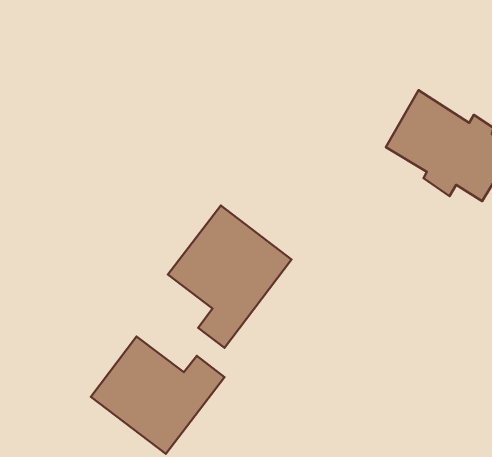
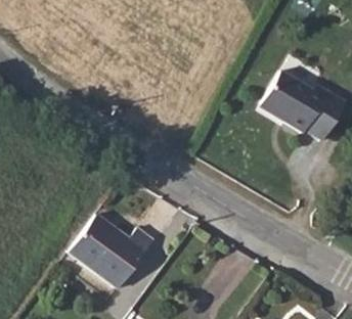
building: [168,205,292,348] -> none

